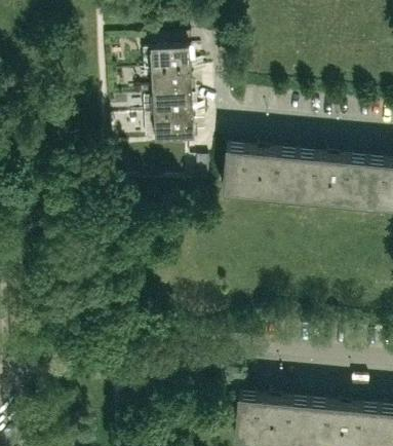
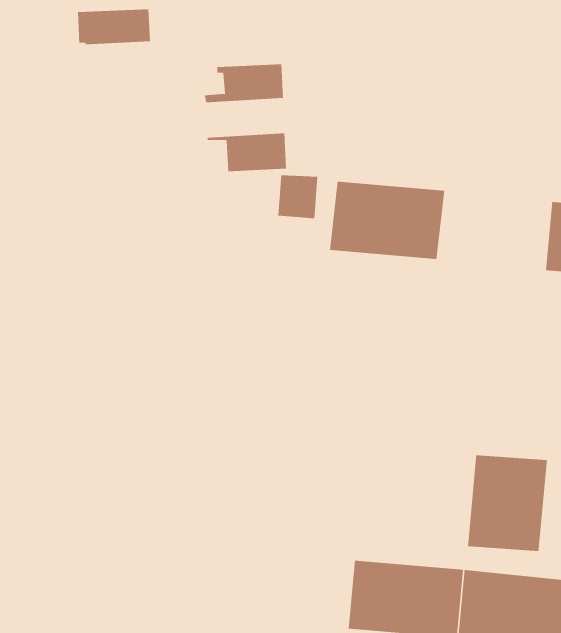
building: [142,49,190,73] -> [77,9,151,45]
building: [140,94,192,119] -> none
building: [291,154,366,207] -> none
building: none -> [467,454,547,552]

